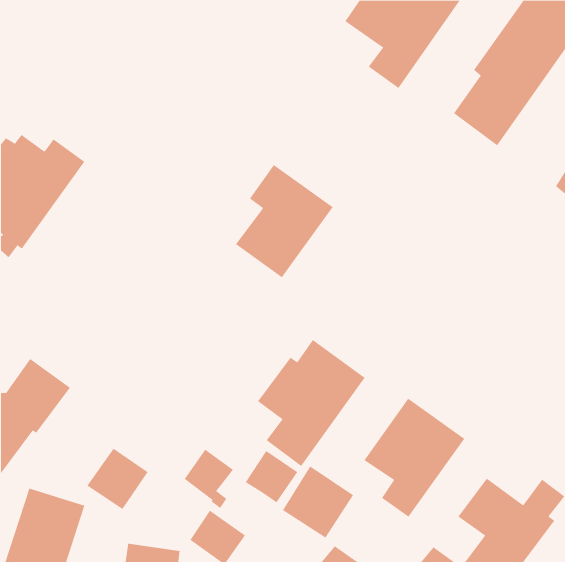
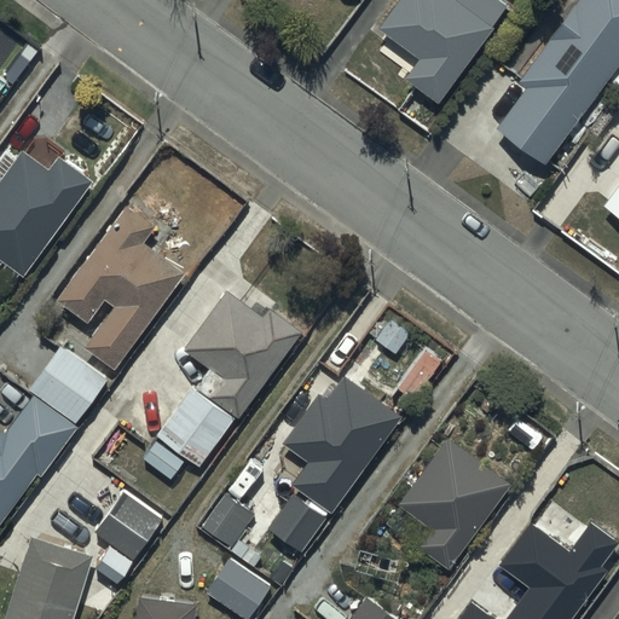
building: [235,164,333,278] -> none
building: none -> [57,199,185,370]
building: none -> [158,291,300,468]
building: none -> [29,346,108,423]
building: [282,466,354,539] -> none

